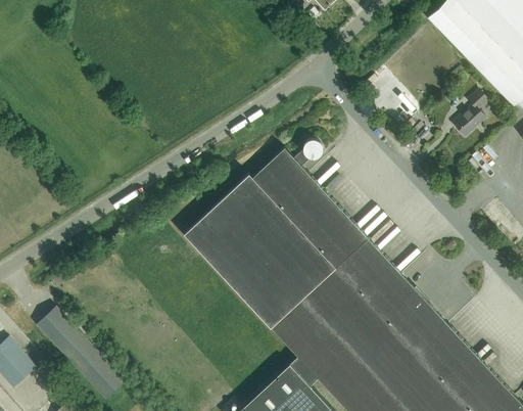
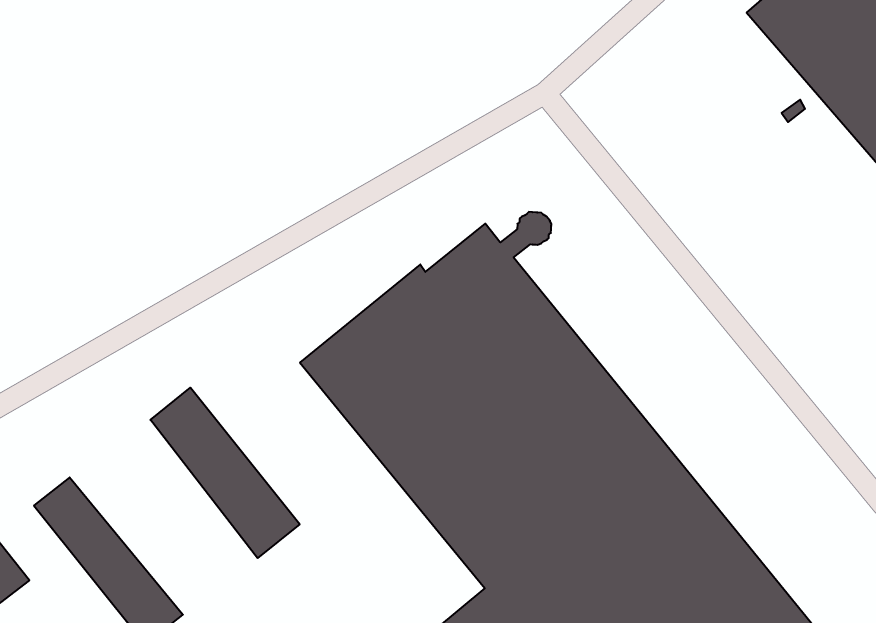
building: [453,91,487,137] -> none
building: none -> [150,388,300,558]

